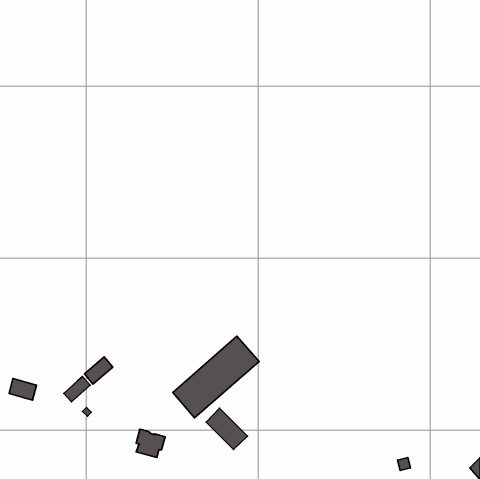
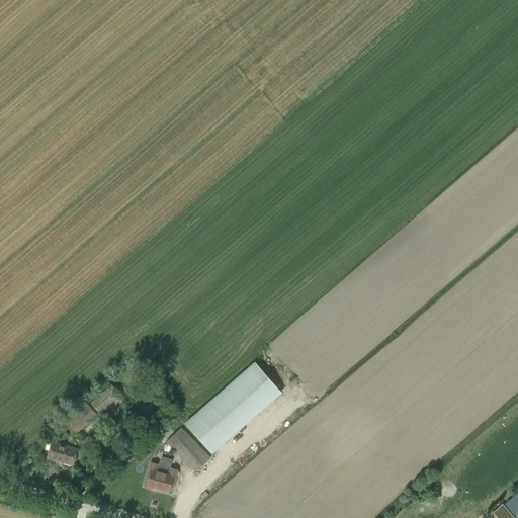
building: [9,379,36,400] -> [48,443,77,466]
building: [206,408,248,449] -> [167,428,211,472]

